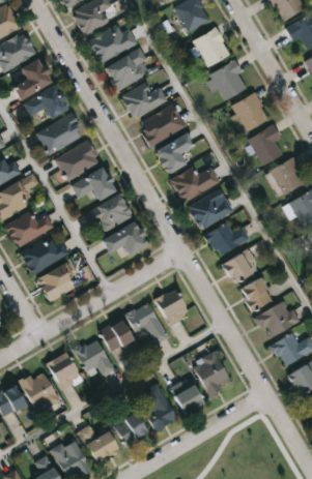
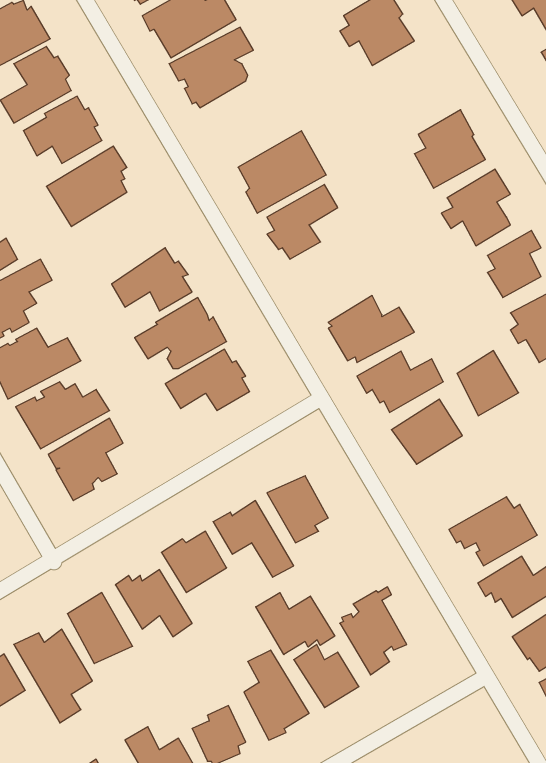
building: [206,59,251,100] -> none
building: [122,82,169,117] -> none
building: [54,140,100,182] -> none
building: [170,167,221,204] -> none
building: [240,277,274,312] -> [457,351,519,416]
building: none -> [256,593,335,655]

